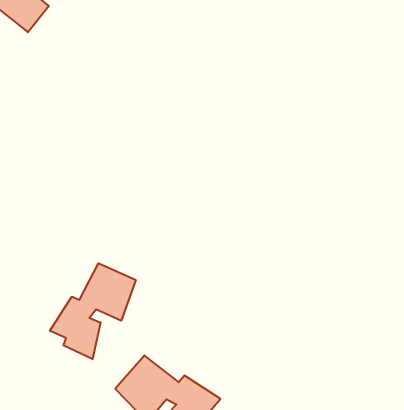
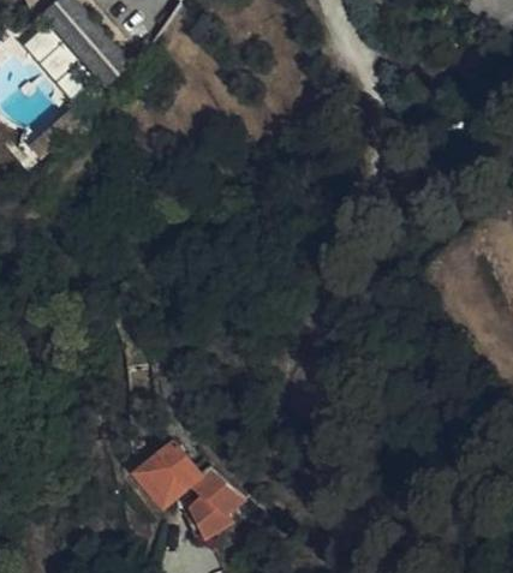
building: [50,263,136,359] -> none

